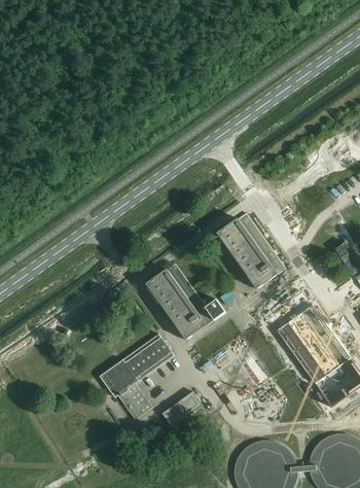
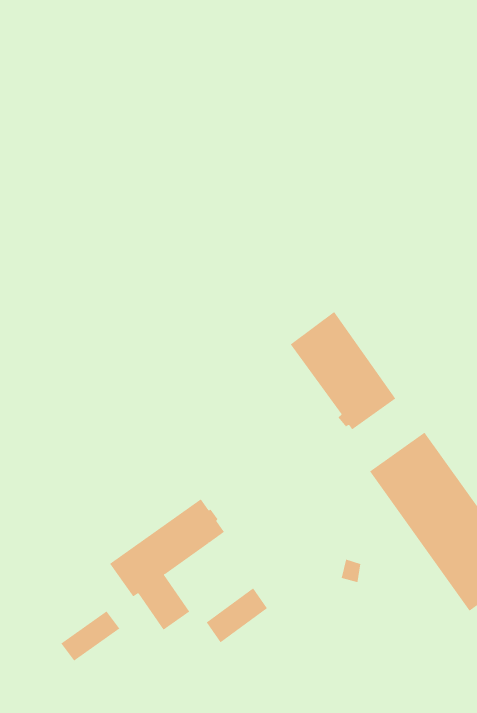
building: [145,264,225,340] -> none
building: none -> [61,611,120,661]

